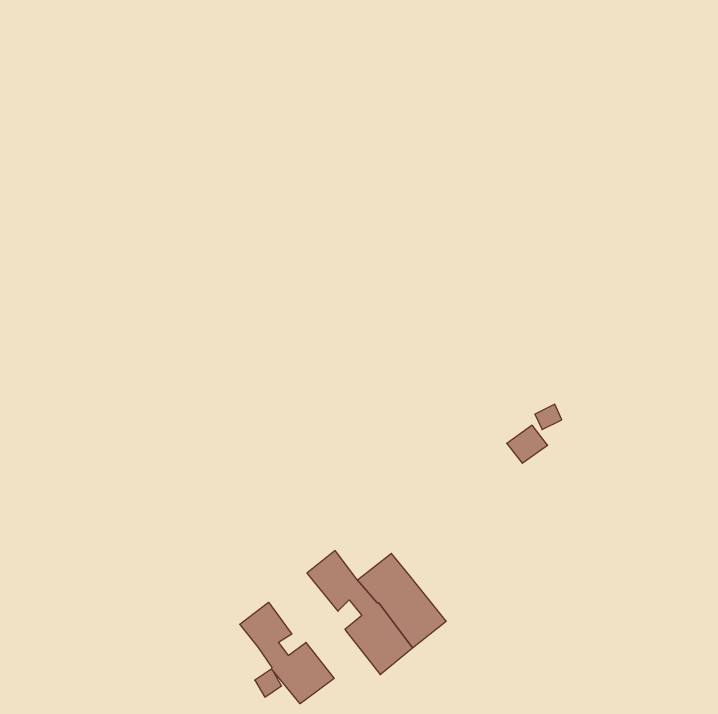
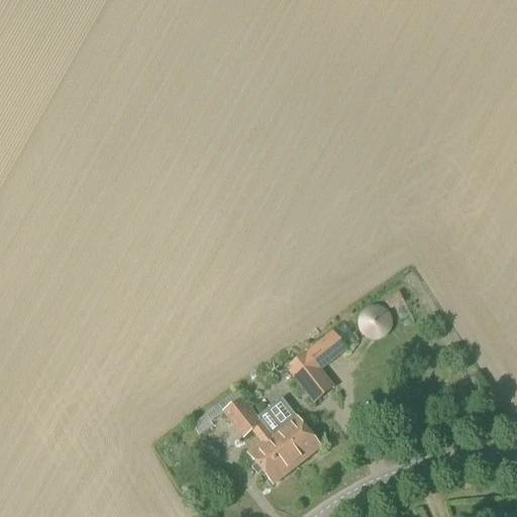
building: none -> [285,329,347,403]
building: [240,602,334,704] -> none

